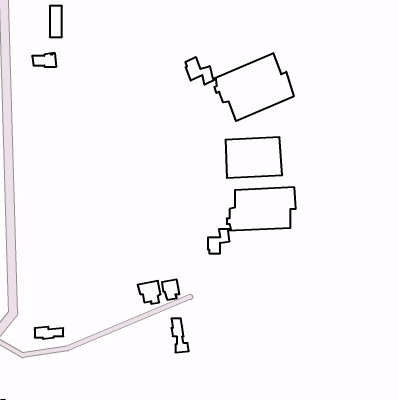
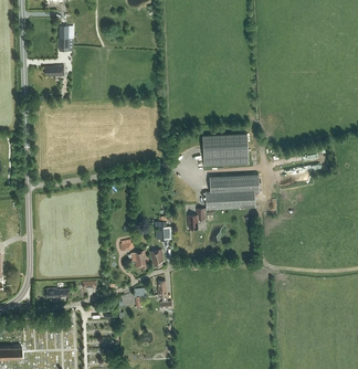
building: [185,53,294,121] -> none

